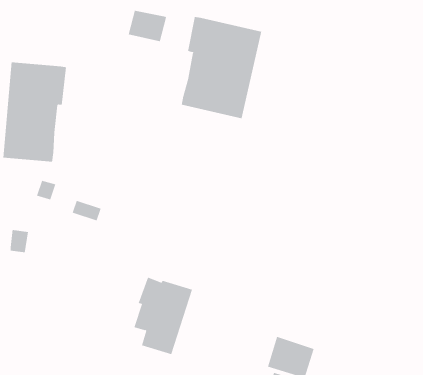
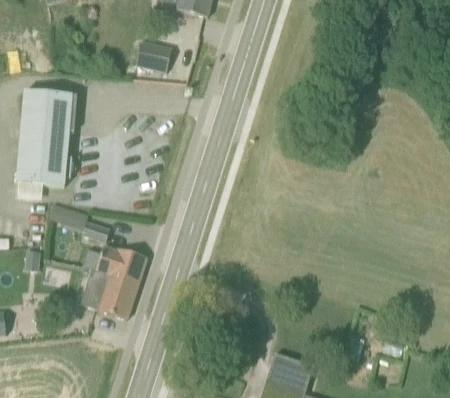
building: [181,16,262,119] -> none
building: [134,277,193,355] -> [91,243,147,317]

